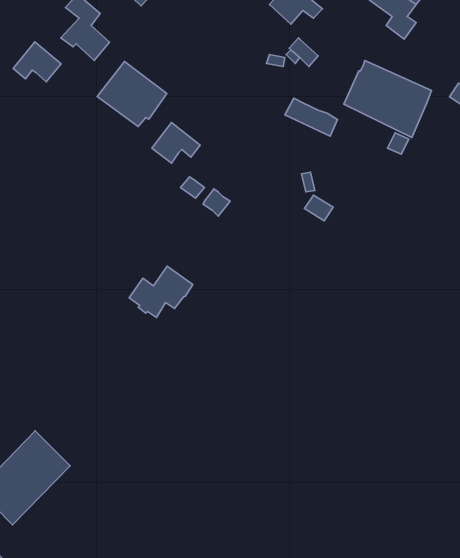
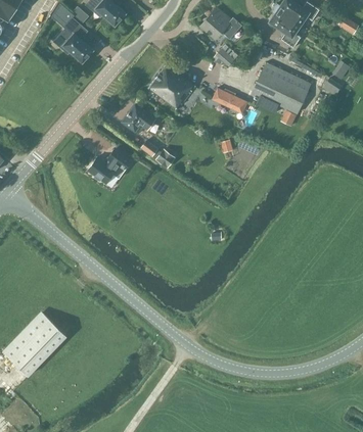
building: [13,42,61,82] -> none
building: [97,62,167,127] -> [147,64,194,108]
building: [129,266,193,318] -> [87,149,130,184]

